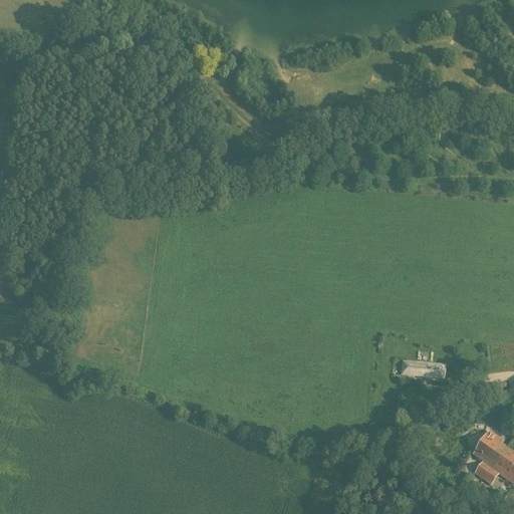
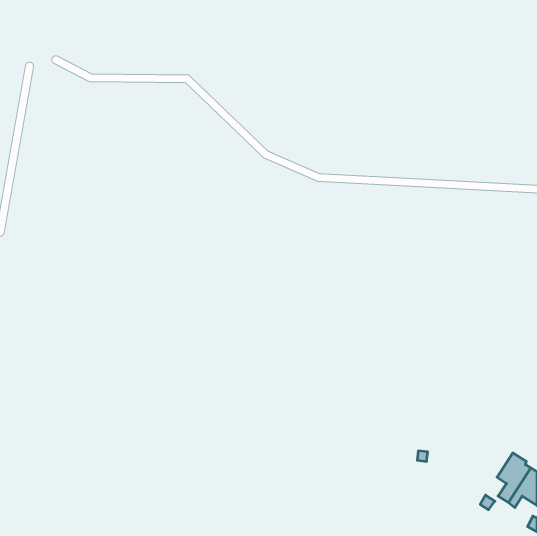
building: [401,361,446,378] -> none

